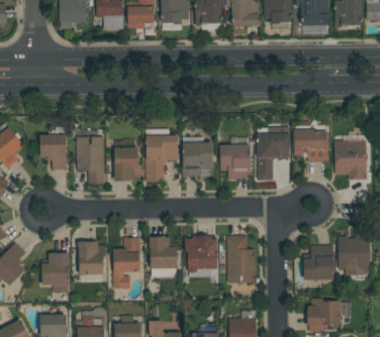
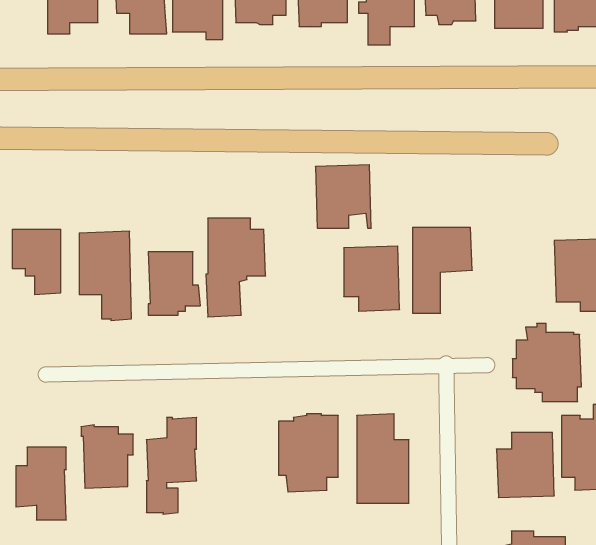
building: [292,120,329,162] -> [512,323,581,402]
building: [183,142,213,177] -> [315,165,371,228]
building: [150,236,178,269] -> none

